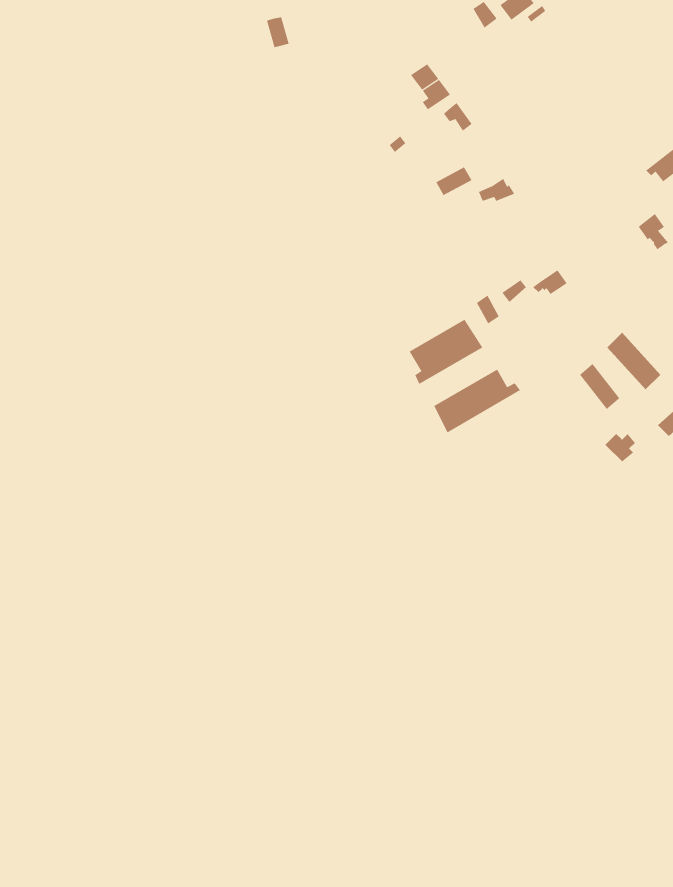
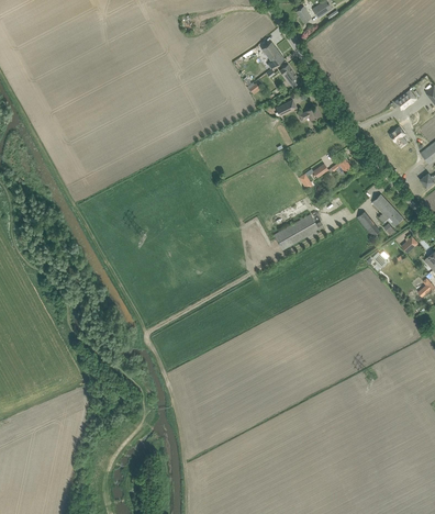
building: [409,319,483,385] -> none

